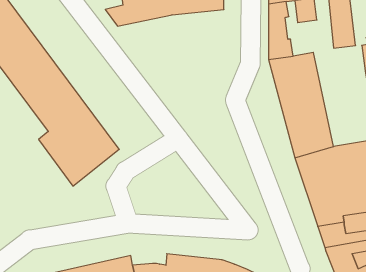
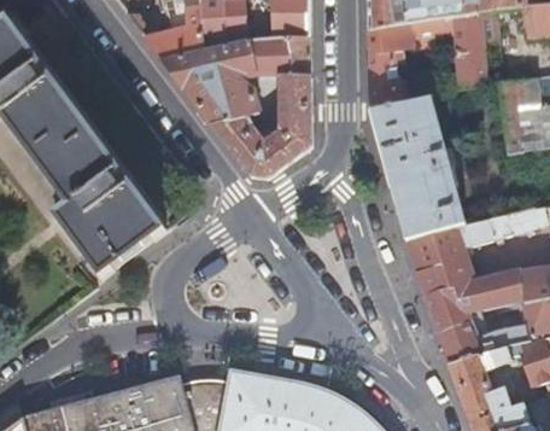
building: none -> [163,36,311,177]

